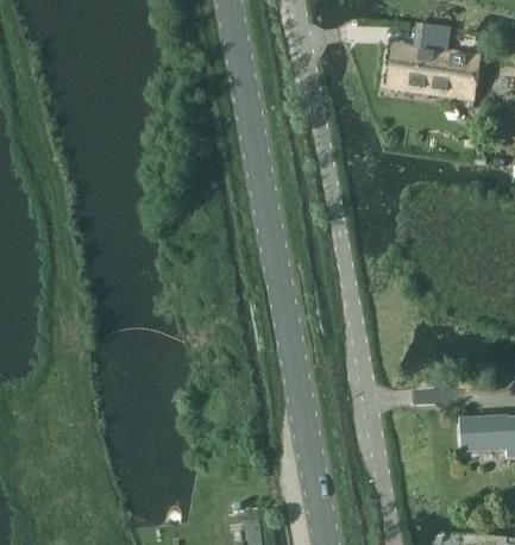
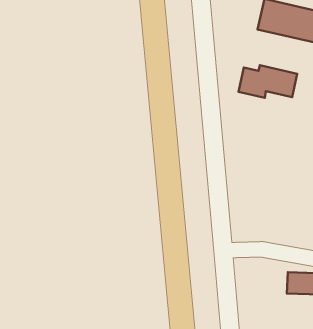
building: none -> [238,65,297,98]

